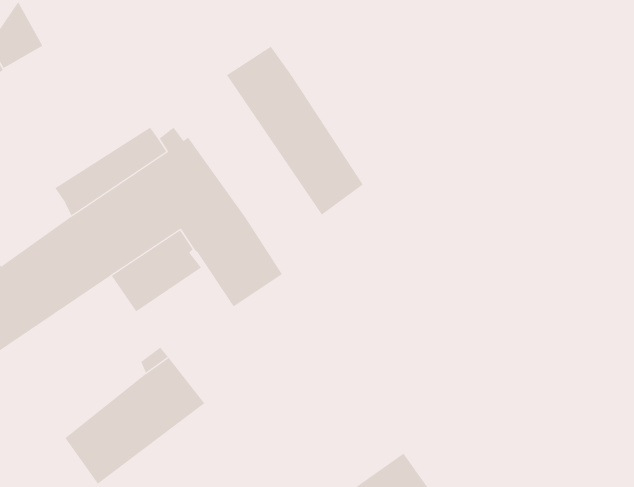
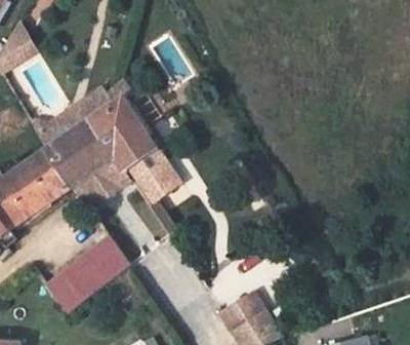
building: [226,46,363,215] -> none

